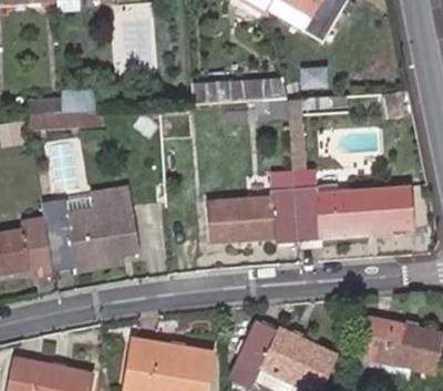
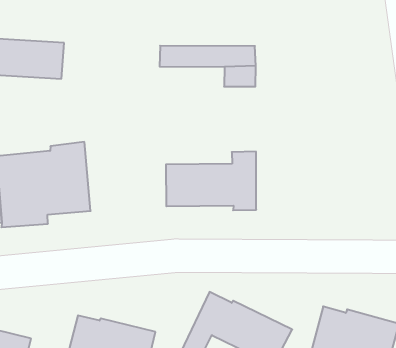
building: [288,100,412,237] -> none

